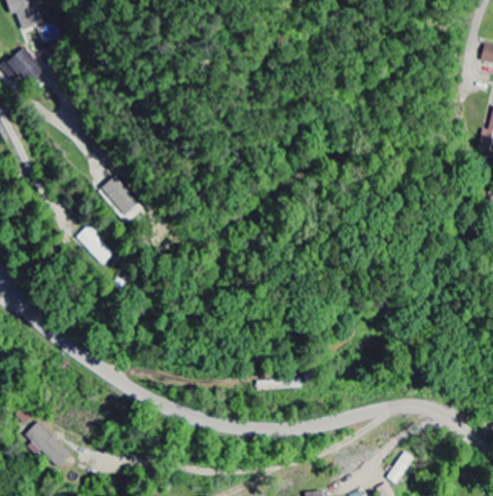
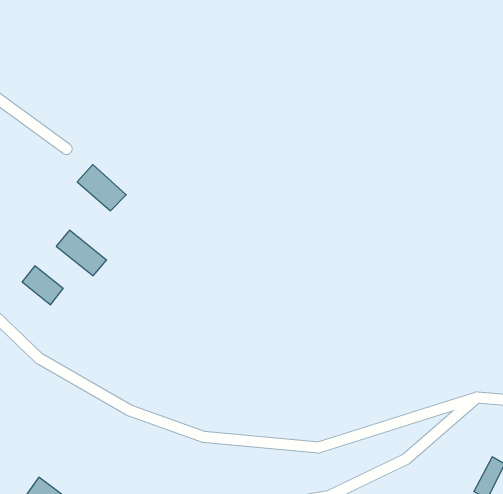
building: none -> [22,266,63,305]

